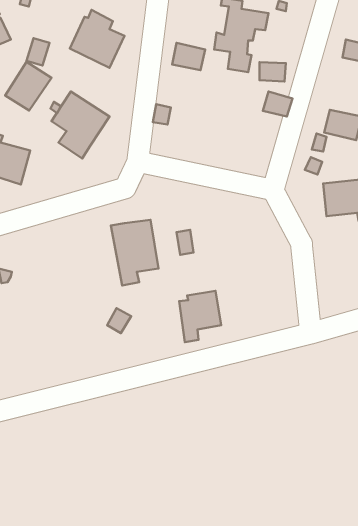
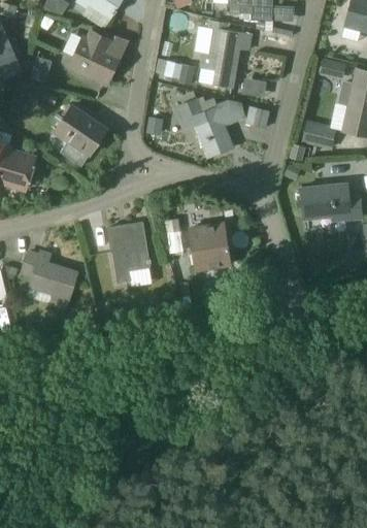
building: [5,62,52,111] -> none
building: none -> [176,98,242,158]
building: none -> [30,252,77,309]
building: [179,291,221,342] -> [190,223,228,269]

